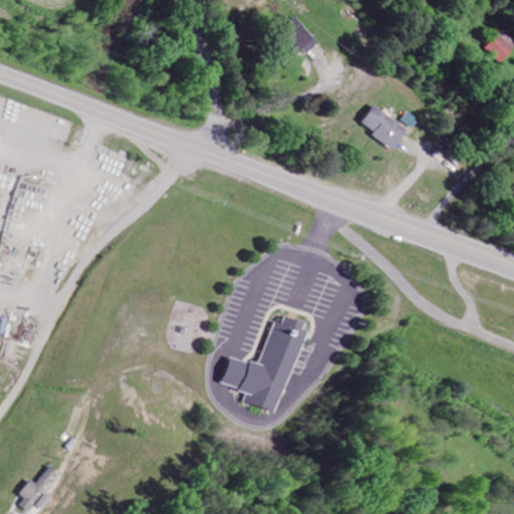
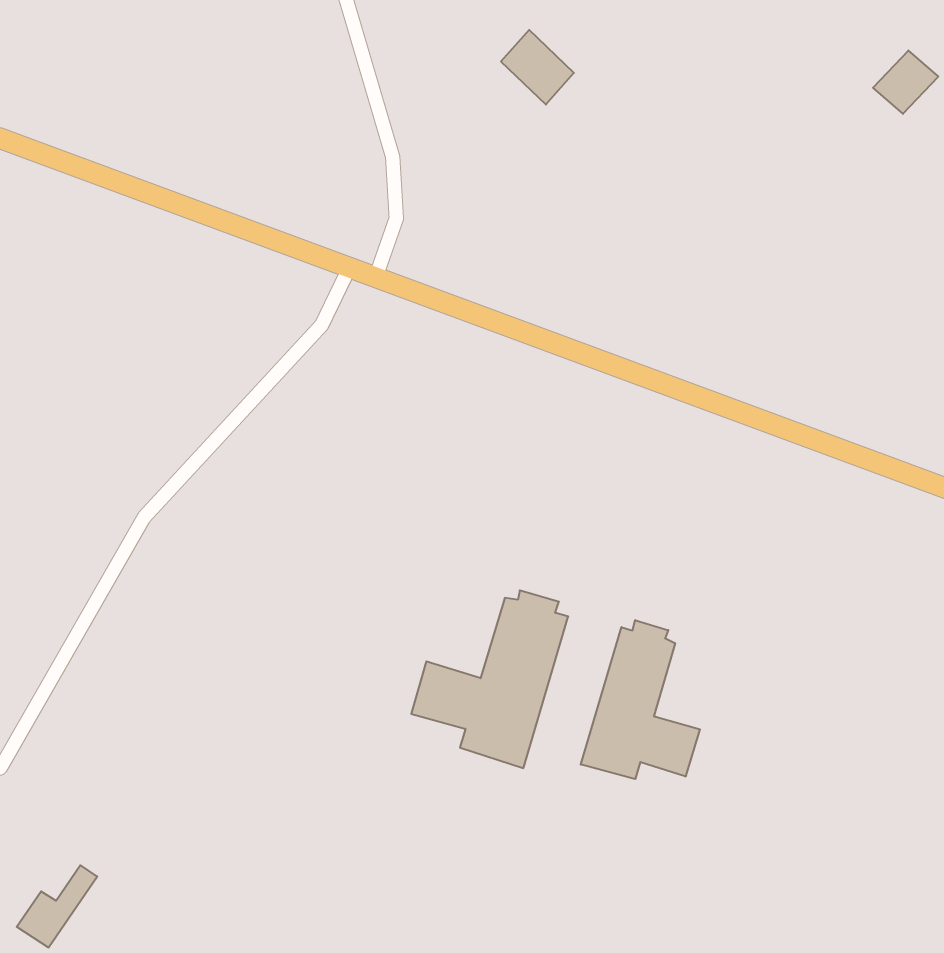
building: [351,103,399,149] -> none
building: none -> [581,620,700,779]

